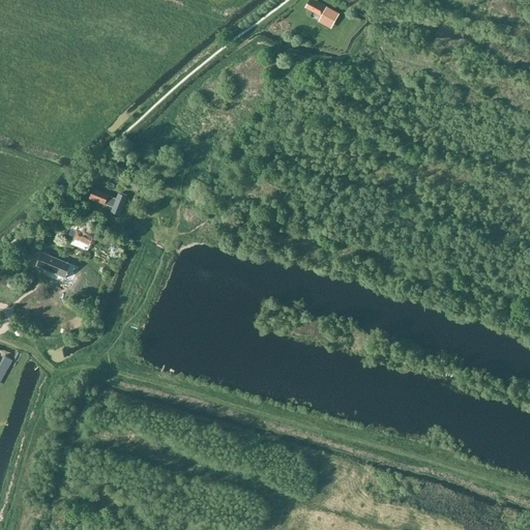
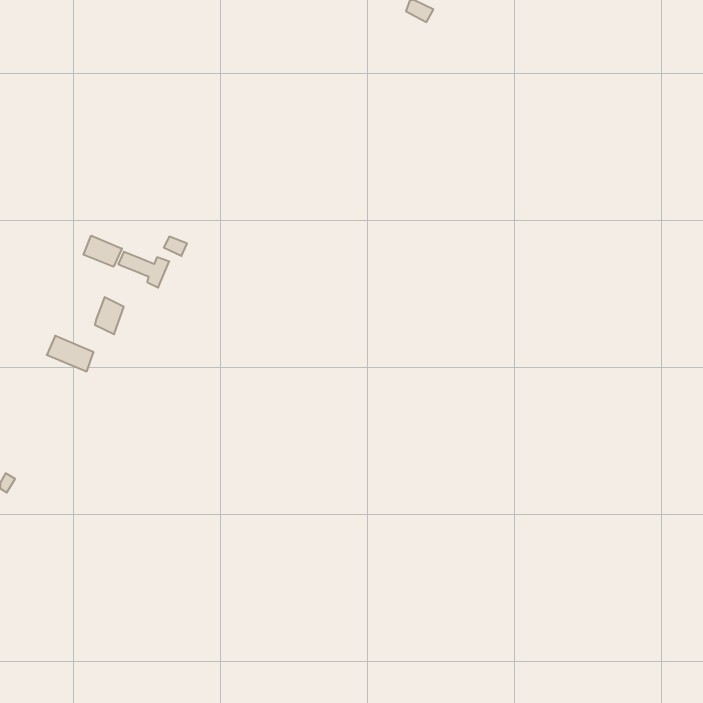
building: none -> [83,236,122,267]

